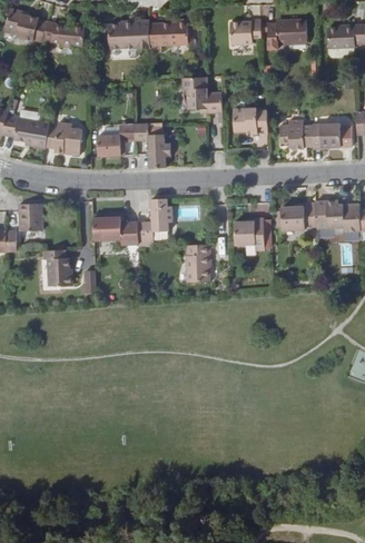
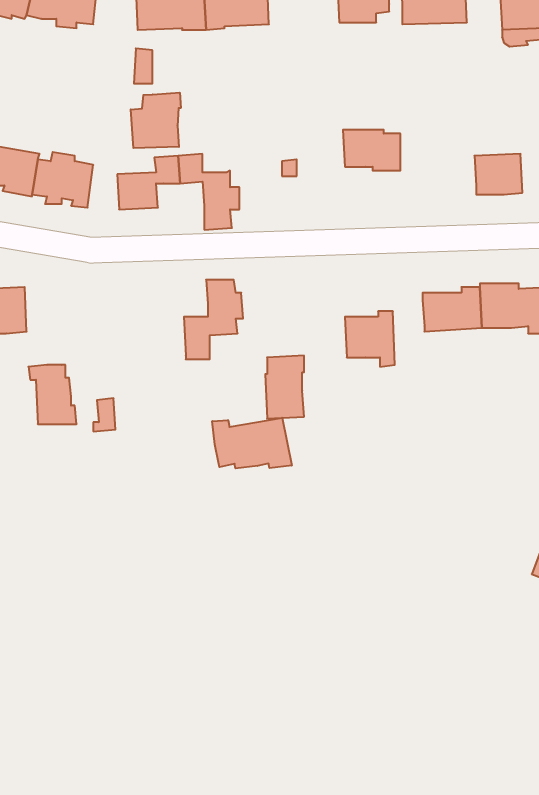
building: [182,76,223,112] -> none
building: none -> [131,93,181,148]
building: [279,124,313,148] -> none
building: [92,214,138,244] -> none
building: none -> [212,418,292,468]

